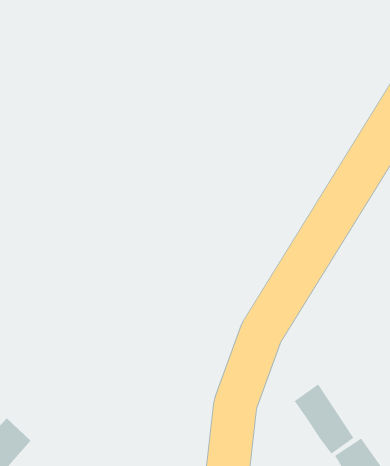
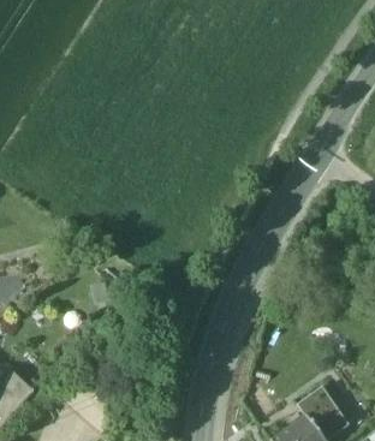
building: [294,384,354,455] -> none

